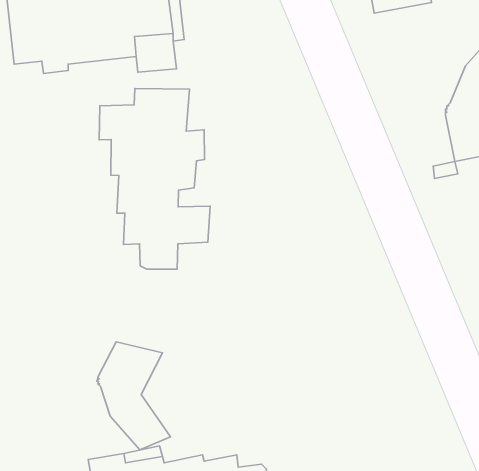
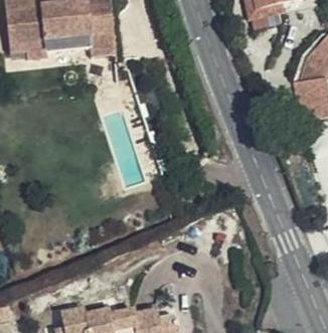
building: [99,89,210,269] -> none
building: [97,342,171,450] -> none

